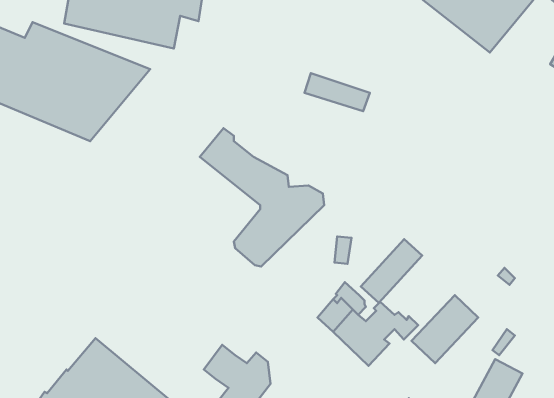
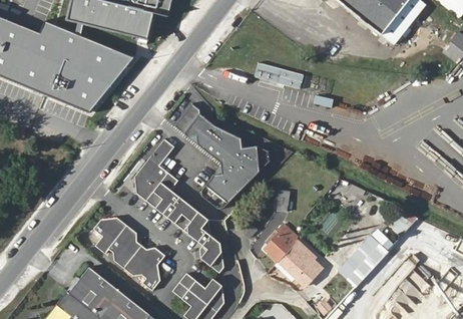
building: none -> [136,136,225,270]
building: [361,239,422,303] -> none
building: none -> [95,215,167,287]

